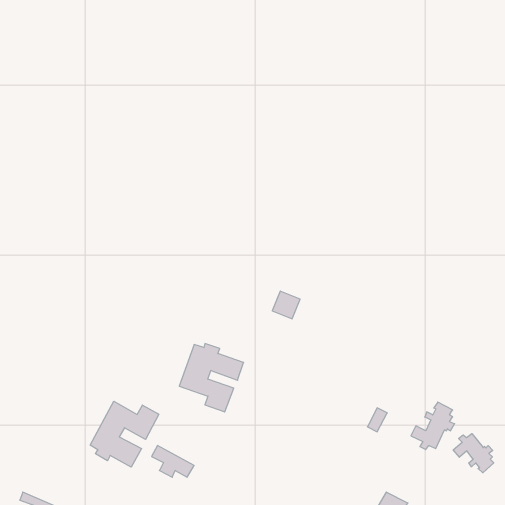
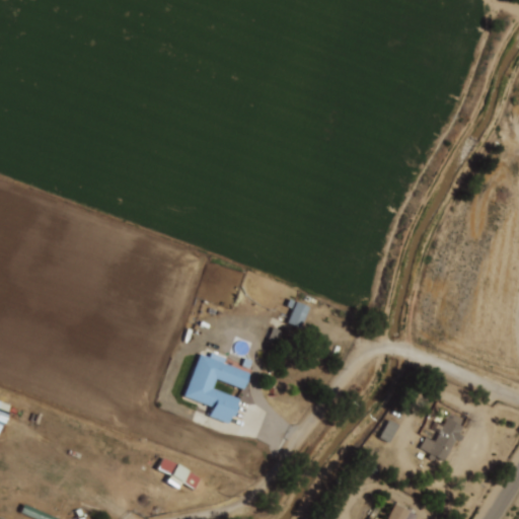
building: [90,401,159,467] -> none
building: [453,434,494,473] -> none

